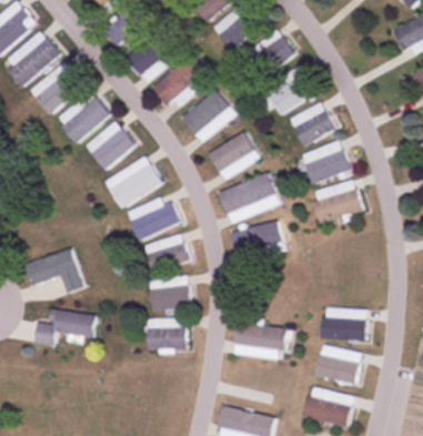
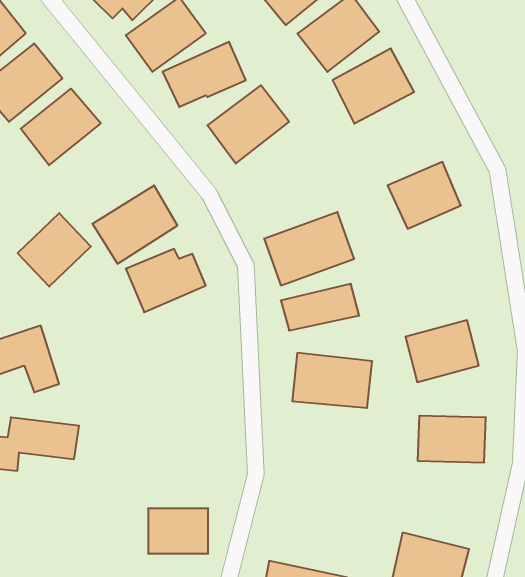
building: [289,102,335,145] -> none
building: [85,121,134,170] -> [18,213,91,287]
building: [209,131,260,178] -> none
building: [312,181,361,222] -> [405,320,479,382]
building: [144,234,188,271] -> none
building: [149,275,191,311] -> none
building: [145,318,185,348] -> [148,508,208,554]
building: [233,322,286,358] -> [292,353,372,408]
building: [314,345,362,384] -> none

